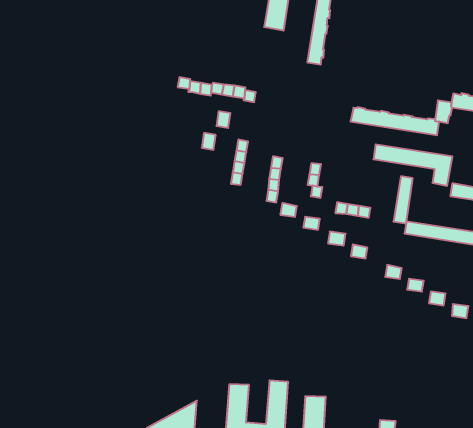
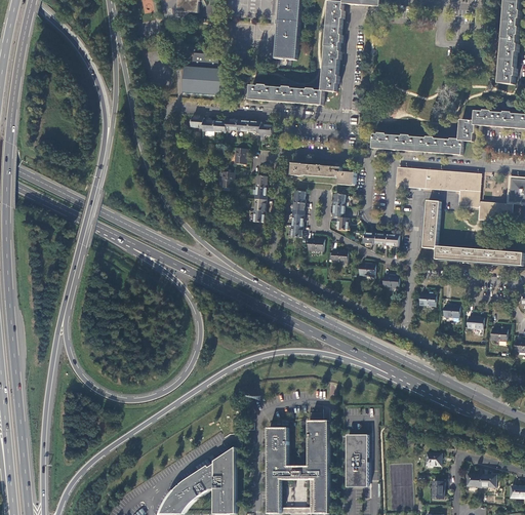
building: none -> [183,52,224,95]
building: none -> [248,84,322,105]
building: none -> [289,163,355,186]

